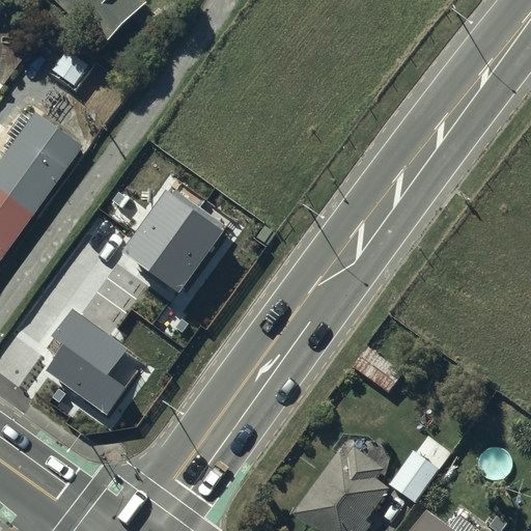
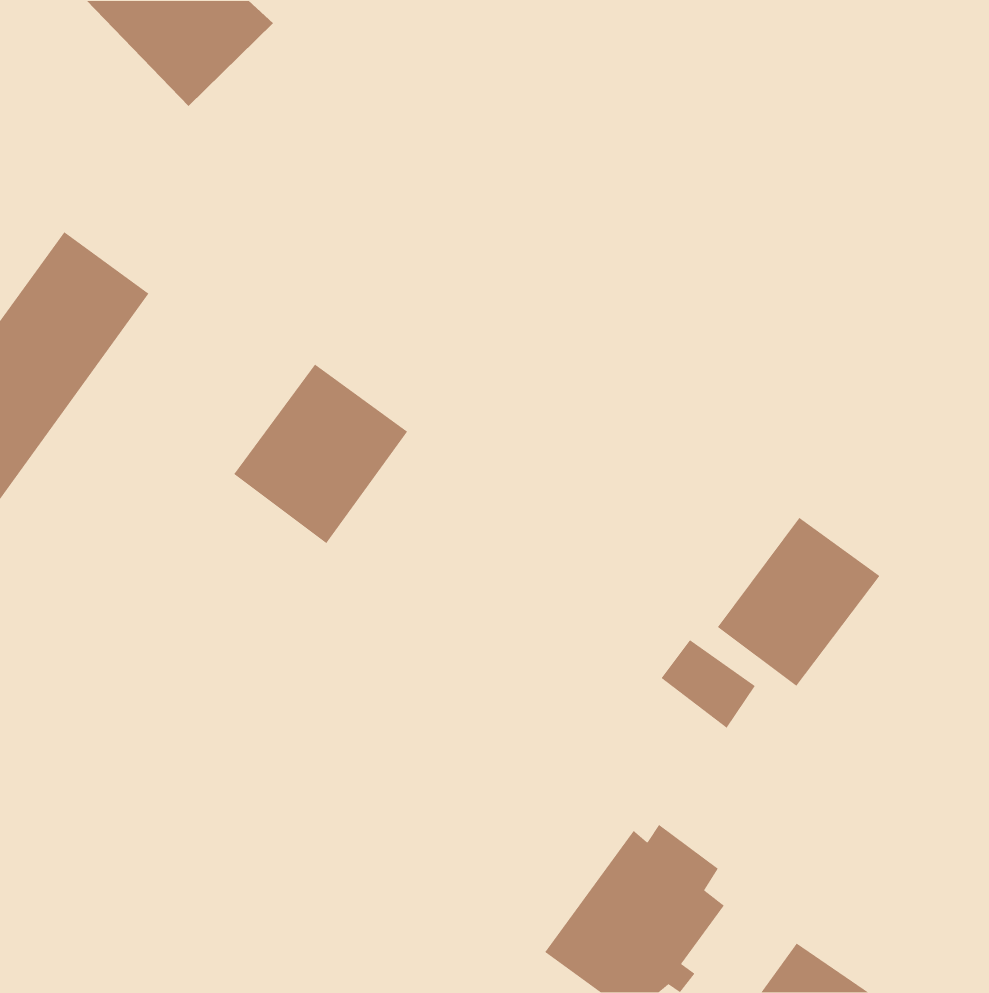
building: none -> [717,517,880,687]
building: [47,319,143,415] -> none
building: [388,431,449,499] -> none

